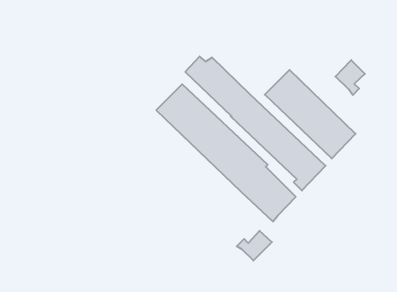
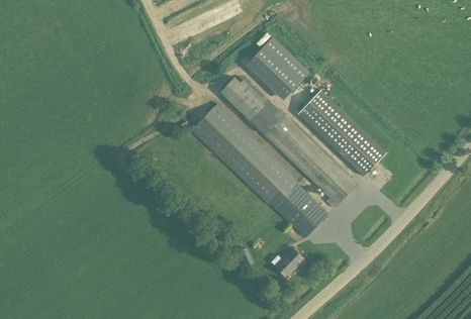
building: none -> [246,37,307,99]
building: [335,60,365,95] -> none

